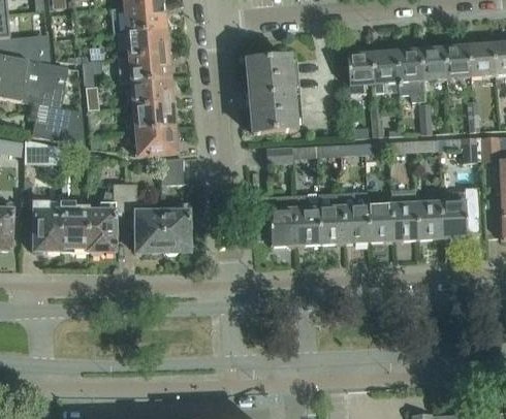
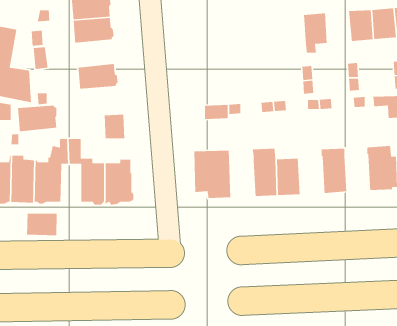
building: [396,47,423,101] -> none
building: [347,52,374,98] -> none
building: [245,56,303,134] -> none
building: [129,78,172,107] -> none
building: [134,128,177,157] -> [17,105,57,132]
building: [293,194,320,246] -> none
building: [416,200,442,239] -> none
building: [367,202,393,243] -> none
building: none -> [26,213,58,236]

